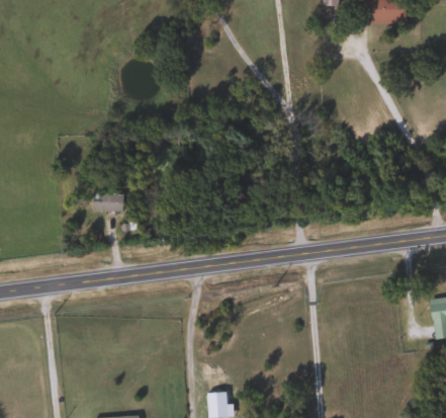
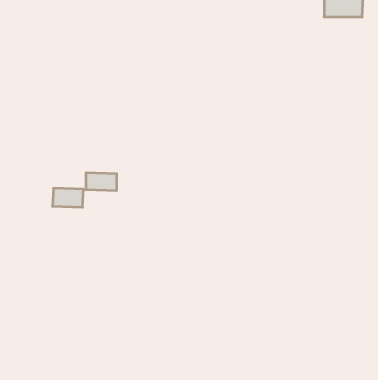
building: none -> [86,173,117,191]

